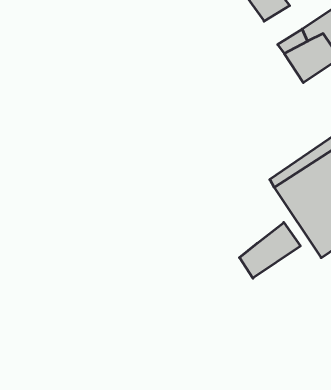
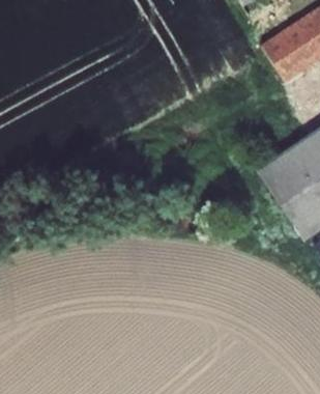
building: [239,222,300,278] -> none

